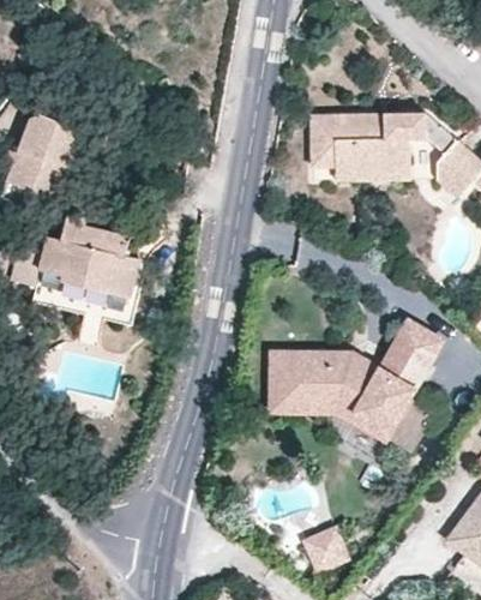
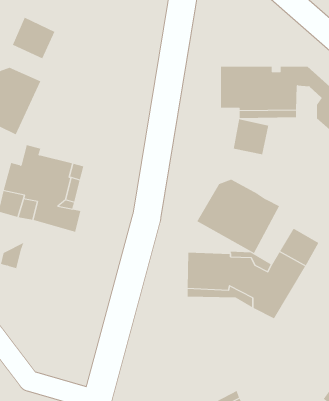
building: none -> [12,17,55,59]
building: none -> [233,118,269,155]
building: none -> [197,179,280,254]

